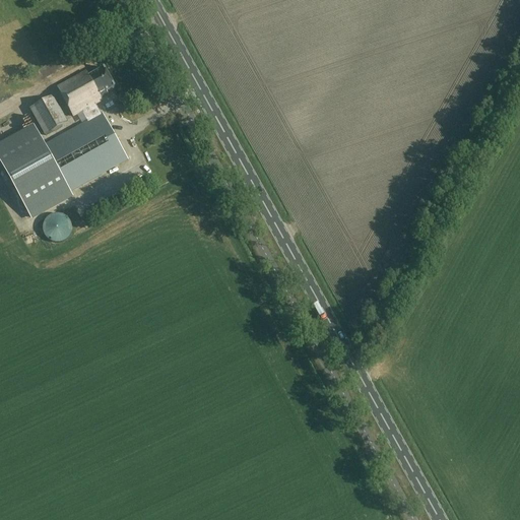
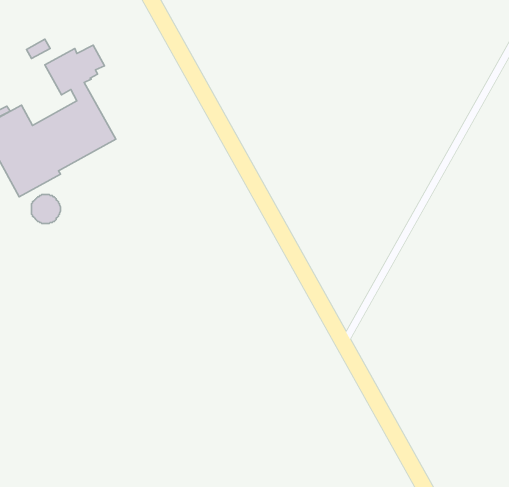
building: [31,96,67,134] -> none

